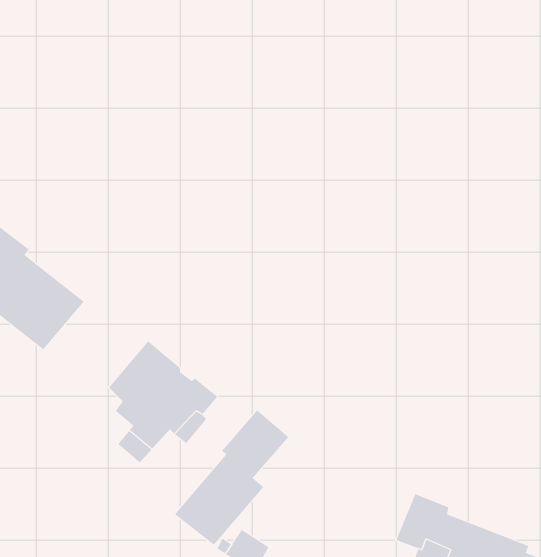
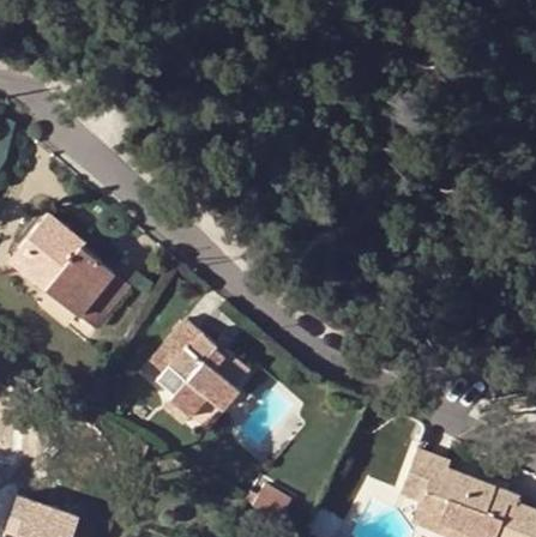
building: [174,410,289,545] -> none

